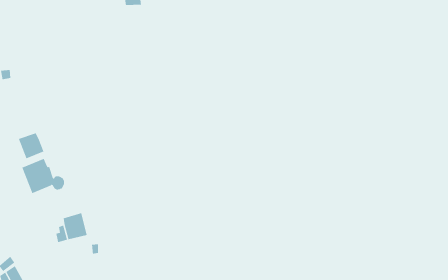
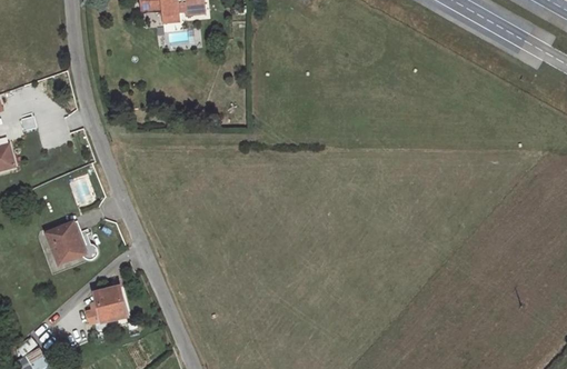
building: [18,132,44,159] -> none

